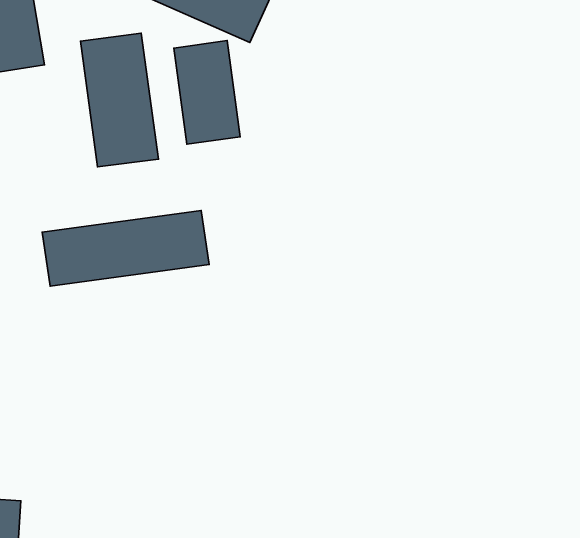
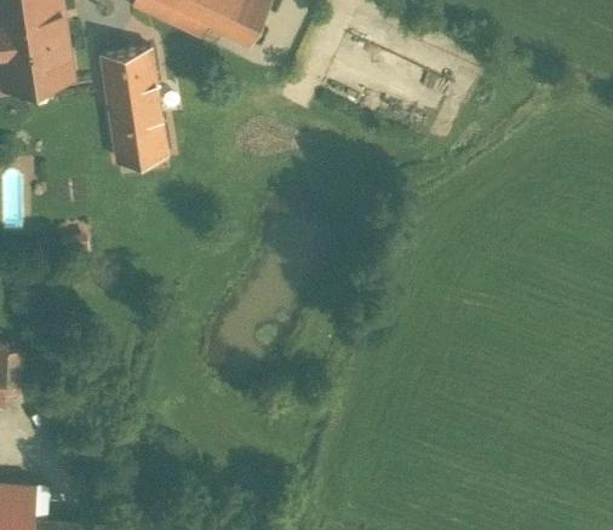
building: [174,41,240,144] -> none
building: [42,211,209,286] -> none

